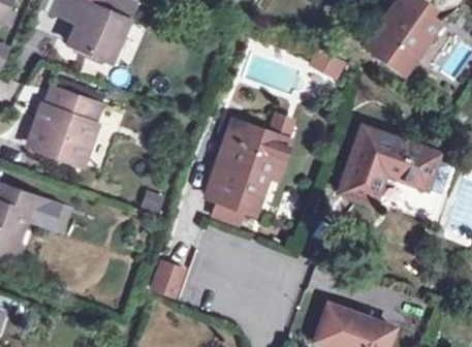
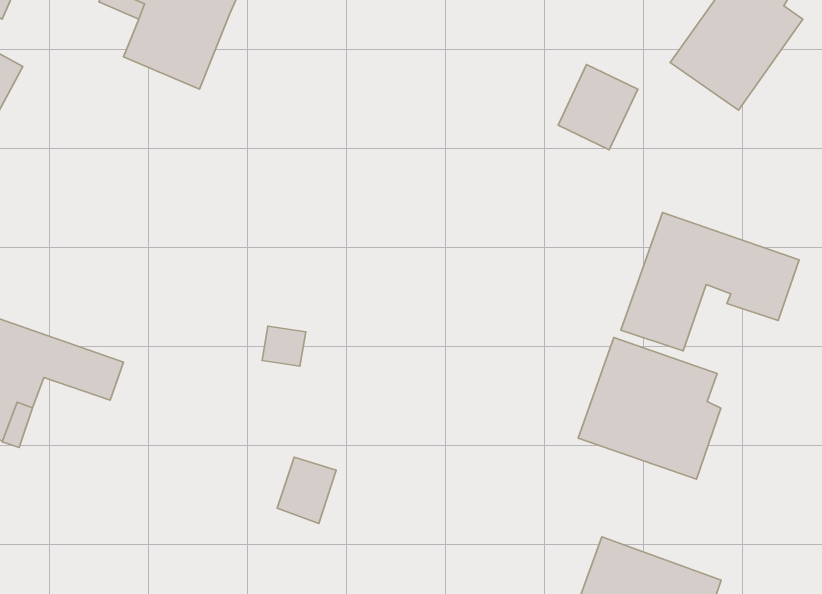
building: [32,89,100,164] -> none
building: [207,123,288,210] -> none
building: none -> [578,337,721,479]

